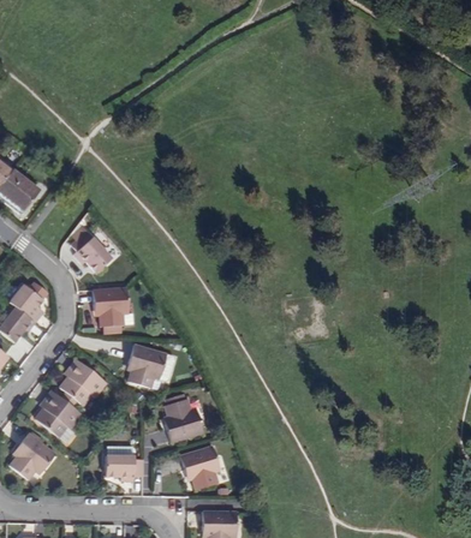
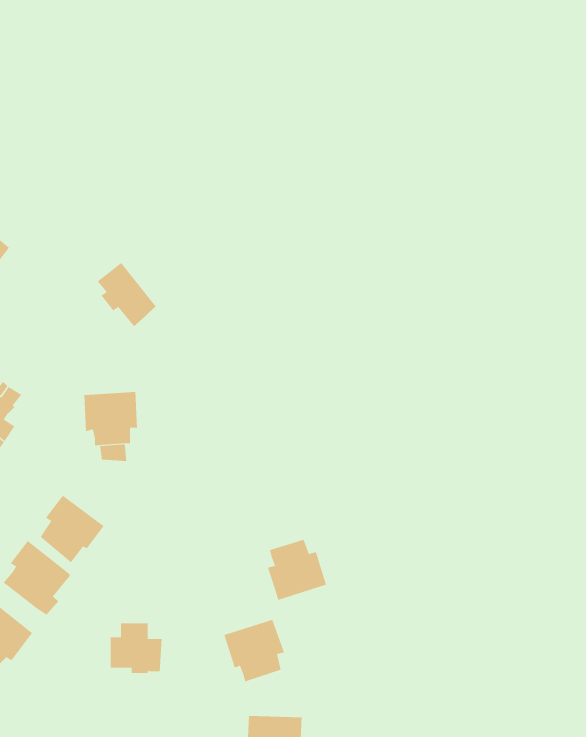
building: [71,232,112,276] -> [97,262,156,327]
building: [123,343,171,385] -> none
building: [167,400,208,442] -> [267,539,327,601]

